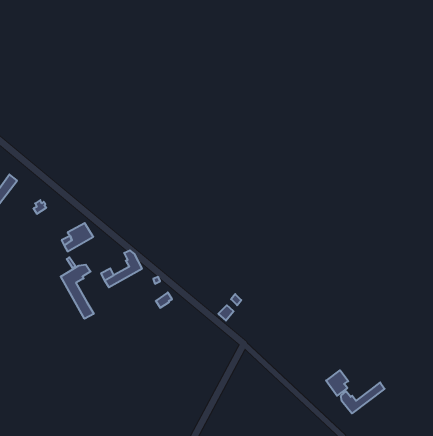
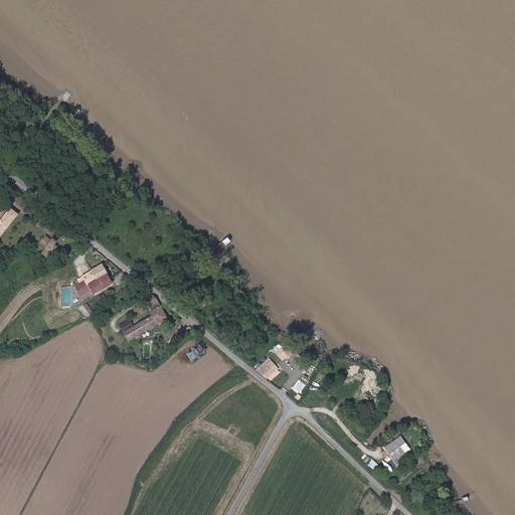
building: [61,265,94,319] -> none
building: [341,382,385,413] -> none

